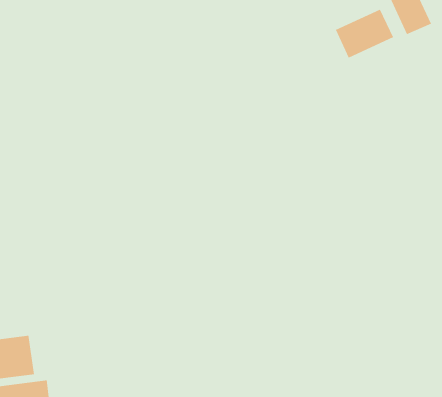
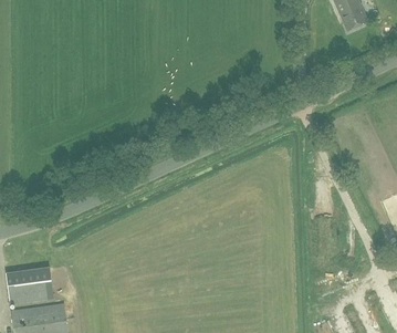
building: [335,9,394,58] -> none

